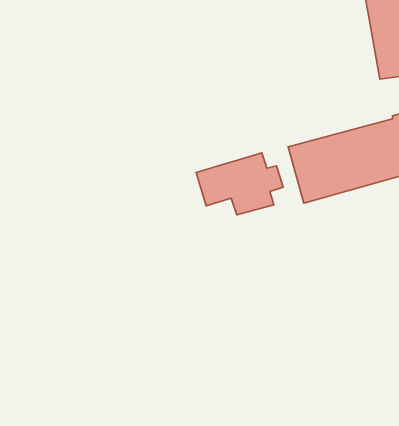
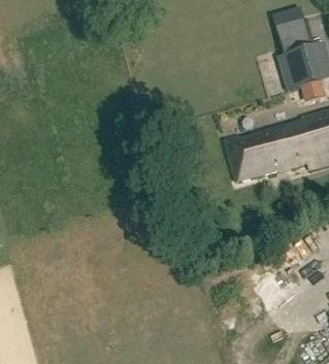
building: [196,153,283,215] -> none

